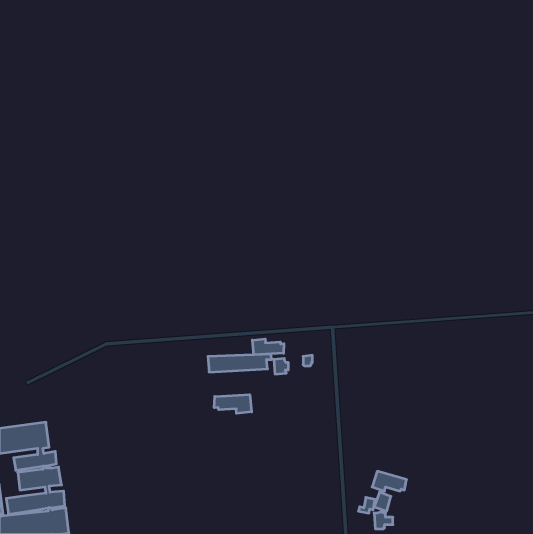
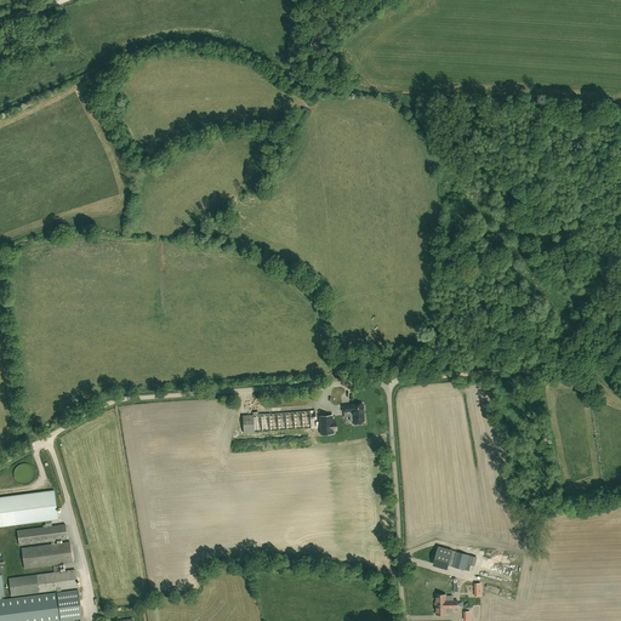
building: [252,339,284,355] -> none
building: [214,395,252,413] -> none

